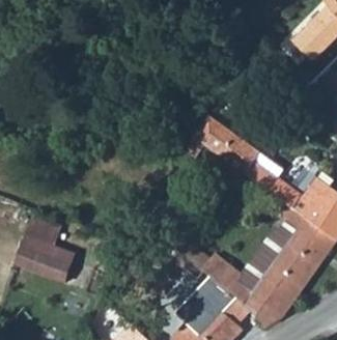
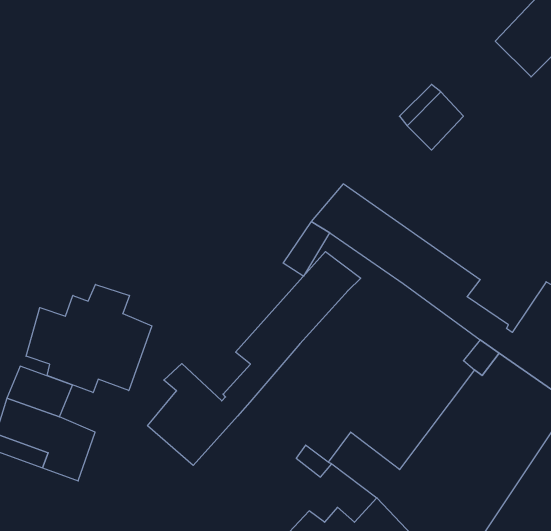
building: none -> [148,252,361,465]
building: none -> [26,284,152,393]

